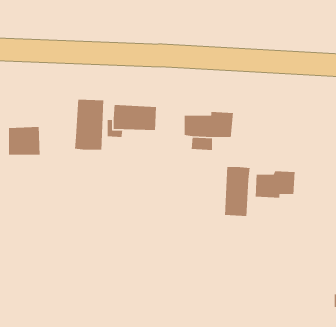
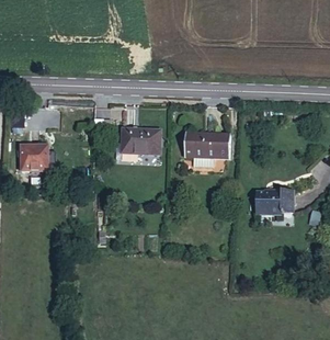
building: [74,99,104,151] -> none
building: [224,166,250,217] -> none

